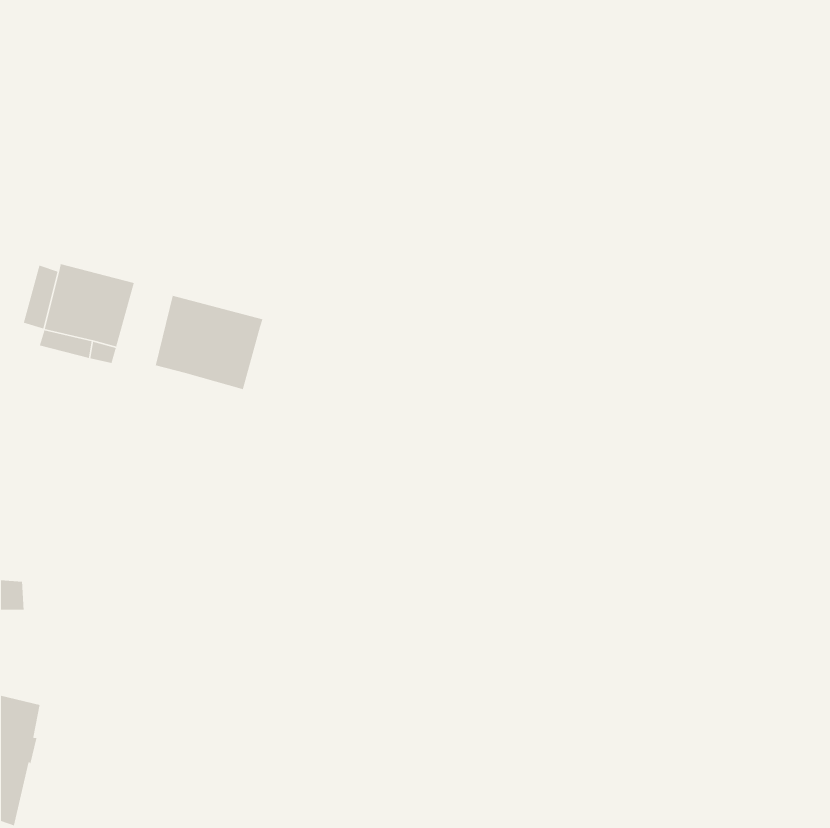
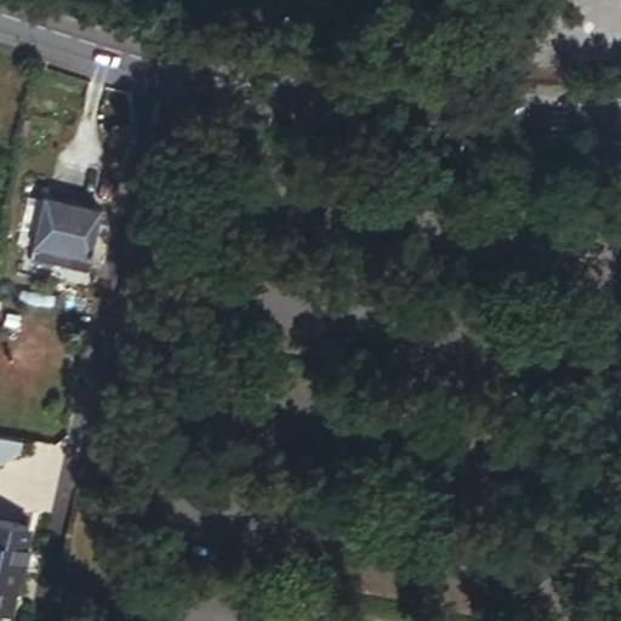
building: [155,295,264,390] -> none

